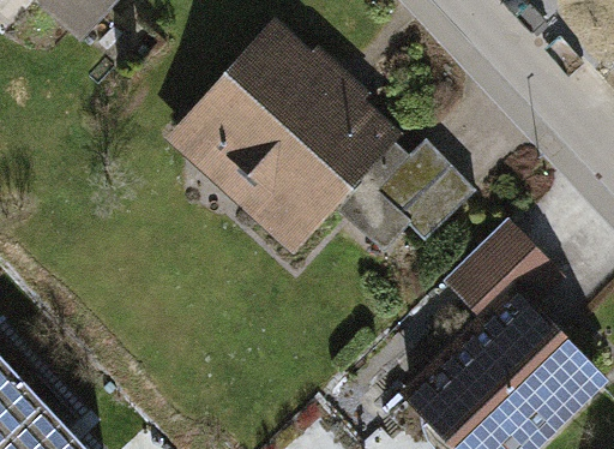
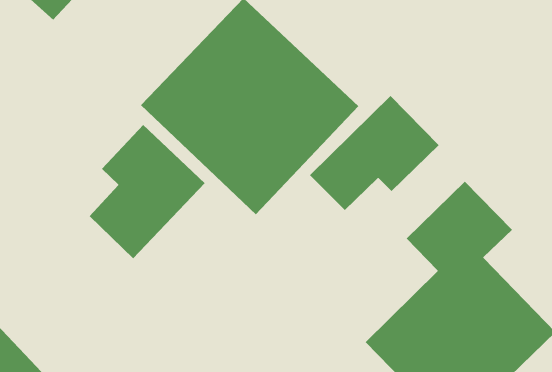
building: none -> [89,124,206,259]

